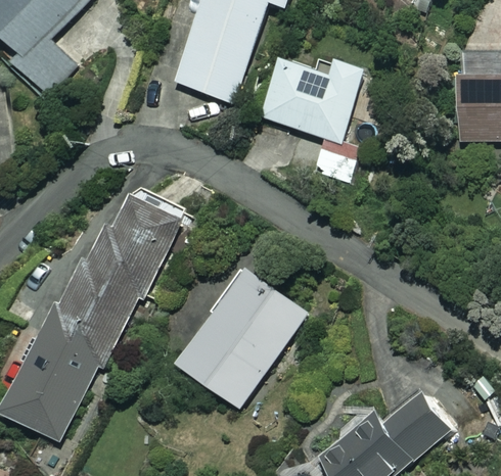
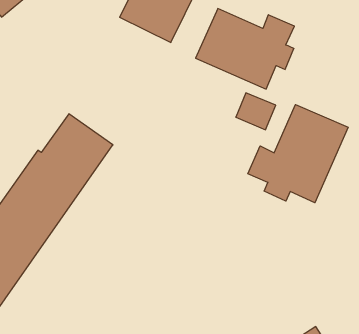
building: none -> [248,105,348,203]
building: [177,265,308,408] -> none

